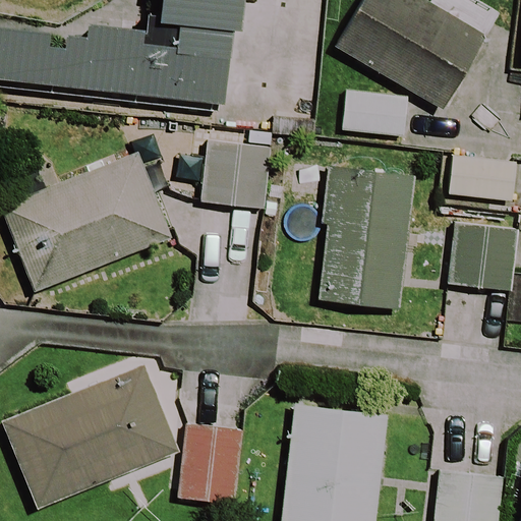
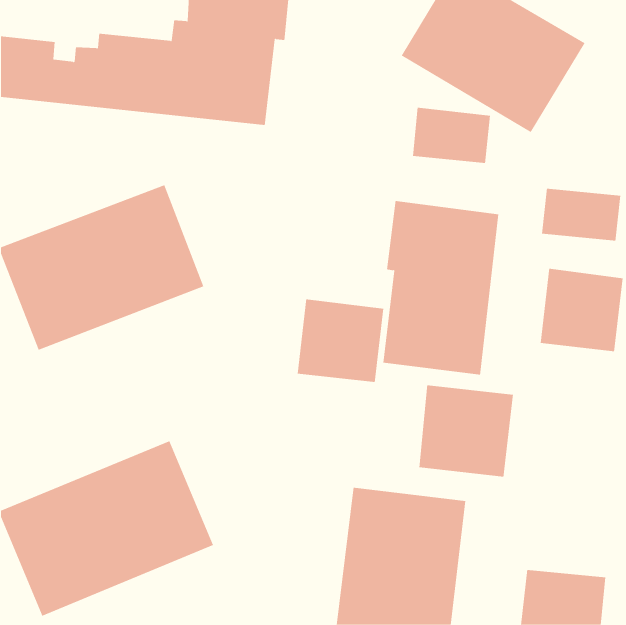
building: [200,139,273,209] -> [297,299,384,382]
building: none -> [419,384,513,477]
building: [177,423,241,503] -> none

